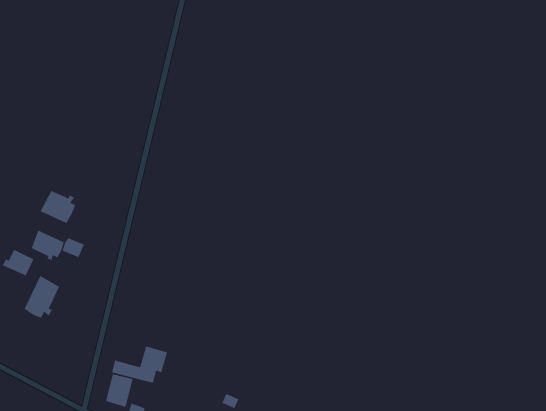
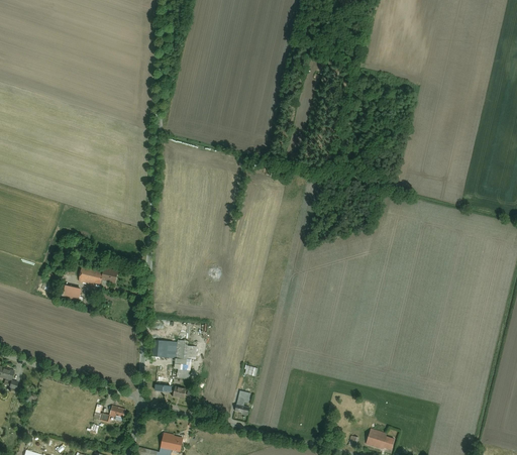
building: [40,190,76,224] -> none
building: [24,275,60,319] -> none

